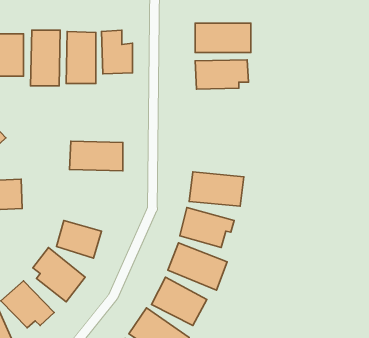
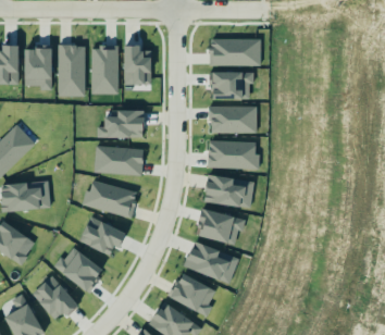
building: none -> [209,107,257,133]
building: none -> [97,110,144,138]
building: none -> [208,140,259,169]
building: none -> [82,181,137,216]

